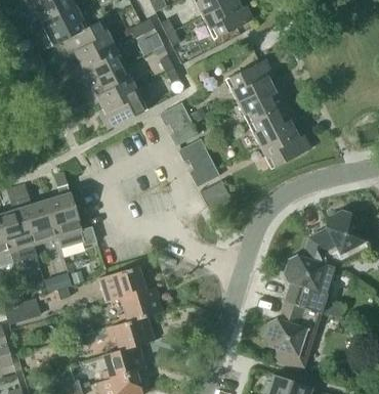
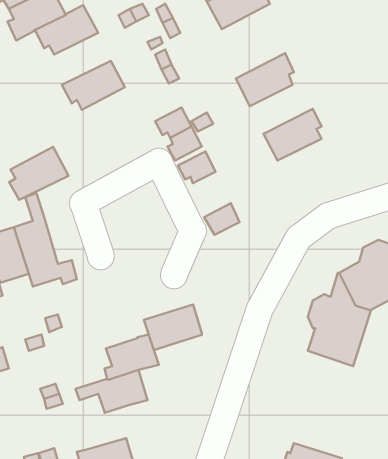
building: [77,42,124,84] -> none
building: [237,84,288,124] -> none
building: [99,86,148,129] -> [9,147,68,200]
building: [259,128,310,168] -> none
building: [190,155,219,186] -> none
building: [98,265,145,302] -> [144,305,202,350]
building: [263,300,321,369] -> none
building: [101,344,145,380] -> none

